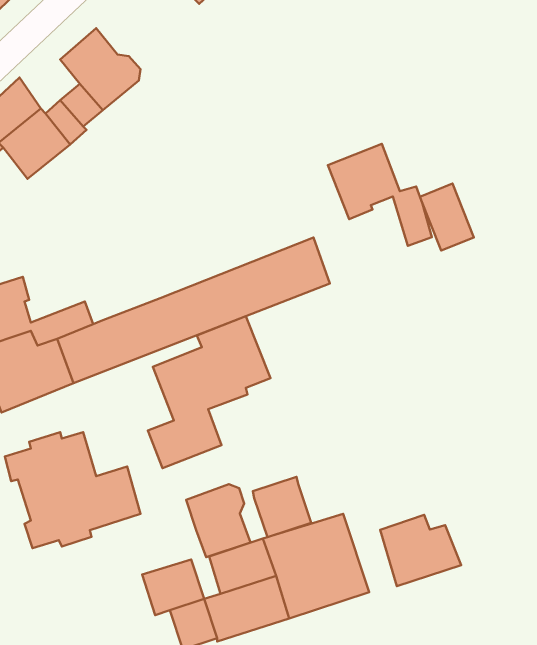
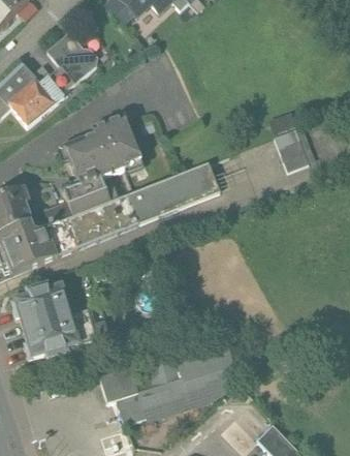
building: [328,144,432,246] -> none
building: [148,316,270,468] -> [64,119,141,215]
building: [253,477,311,537] -> none
building: [186,484,250,557] -> none
building: [380,515,461,586] -> none

